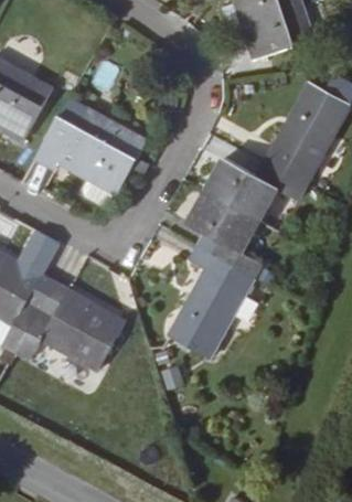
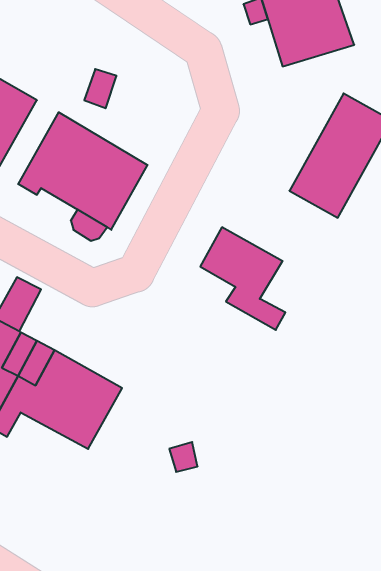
building: [206,159,301,217] -> none
building: [166,246,250,353] -> none

